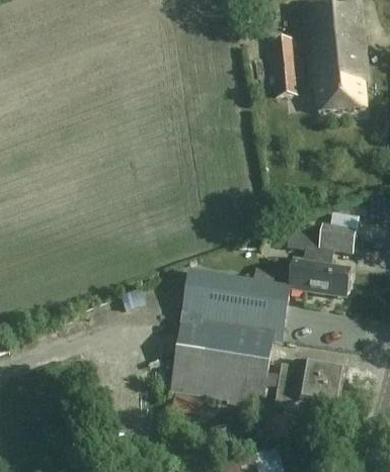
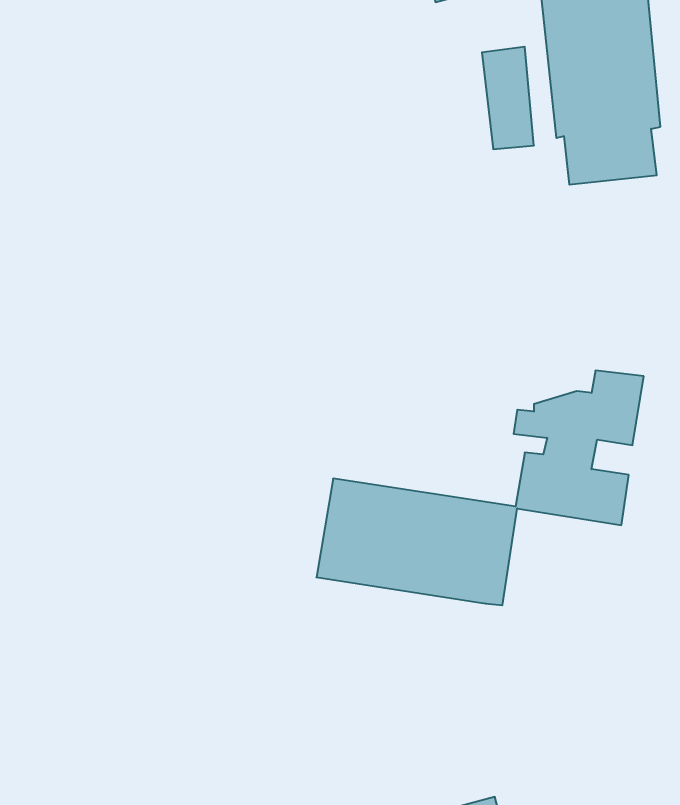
building: [170,323,272,402] -> none
building: [275,358,346,407] -> none

